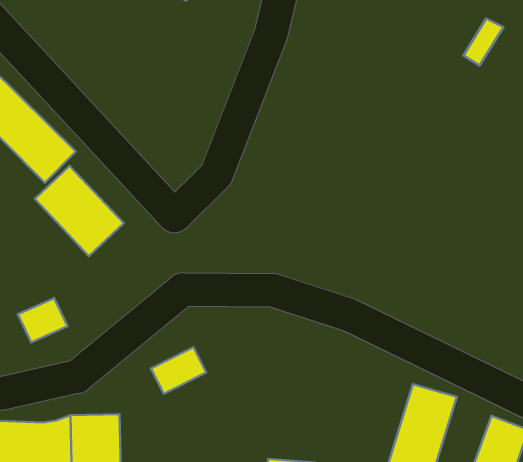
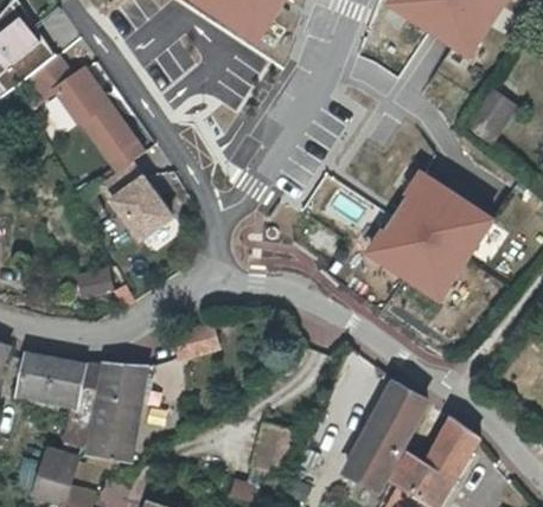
building: none -> [370,169,500,301]

